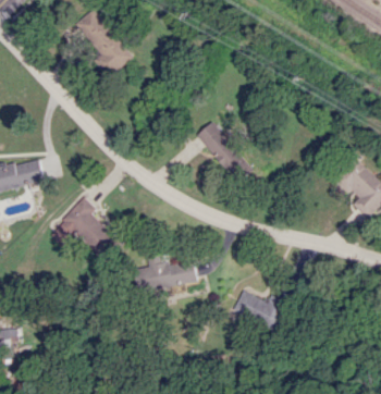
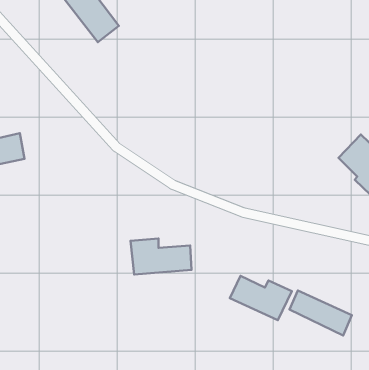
building: [196,122,249,177] -> none
building: [49,198,120,260] -> none
building: none -> [290,290,352,335]

